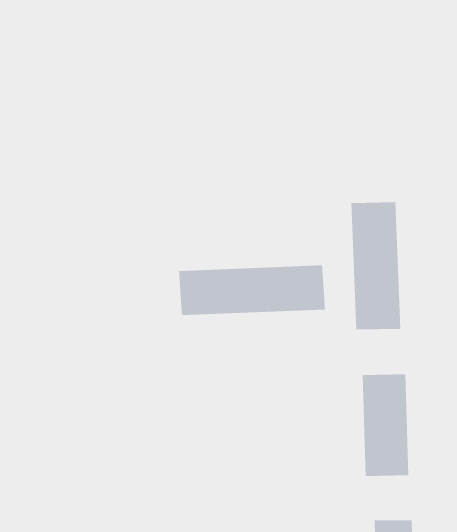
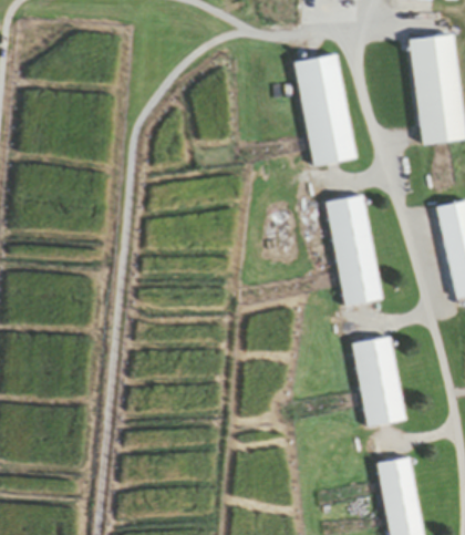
building: none -> [295,54,355,165]
building: [179,265,325,316] -> none

